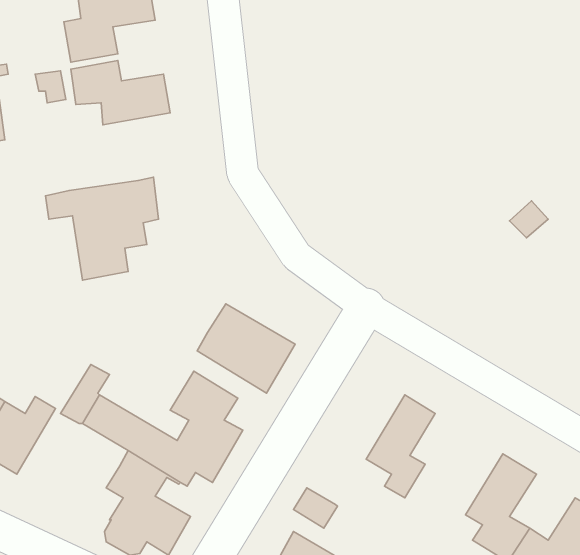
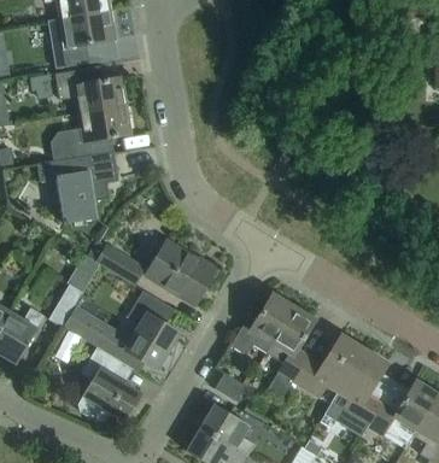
building: none -> [52,105,131,160]
building: none -> [96,246,145,285]
building: none -> [230,293,294,356]
building: none -> [294,335,364,395]

